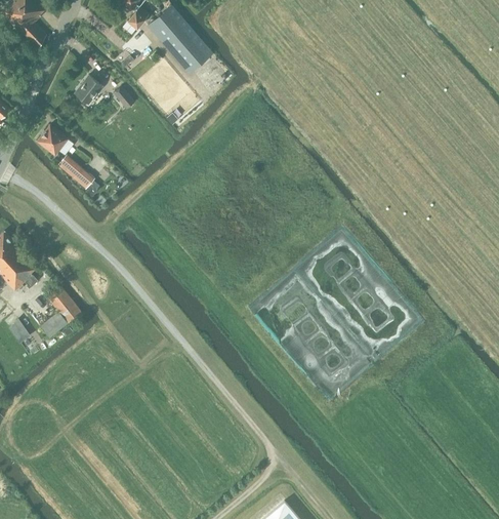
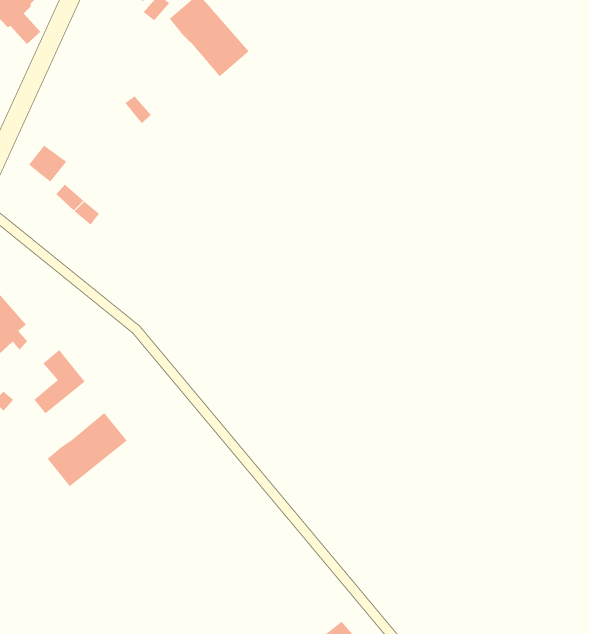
building: [76,76,103,105] -> none
building: none -> [47,412,127,487]

